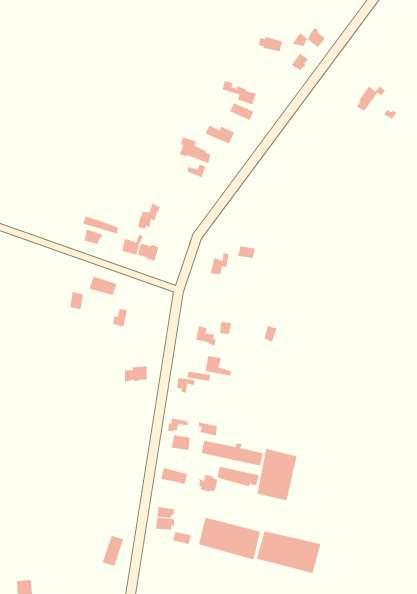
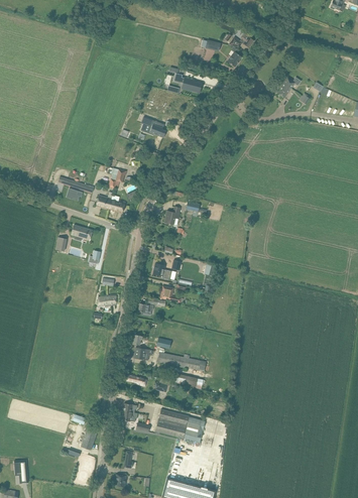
building: [257,448,297,501] -> none
building: [256,530,321,574] -> none

